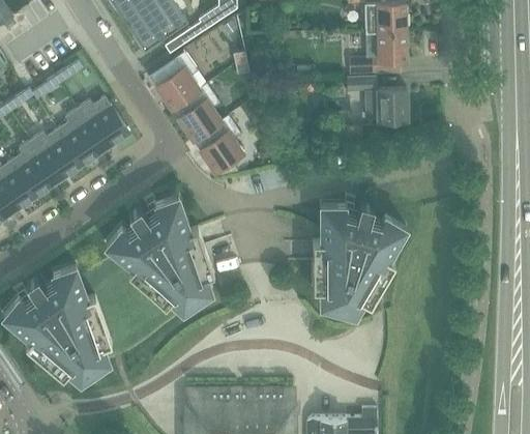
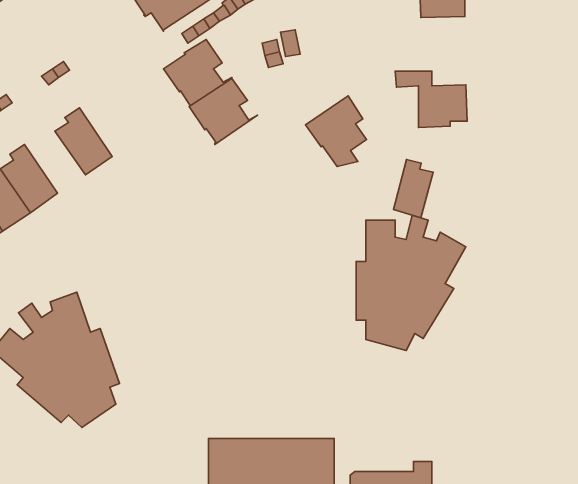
building: [350,31,405,74] -> none
building: [77,96,129,150] -> none
building: [192,115,243,175] -> [305,96,366,166]
building: [30,128,82,181] -> none
building: none -> [394,159,433,218]
building: [105,195,213,311] -> none

